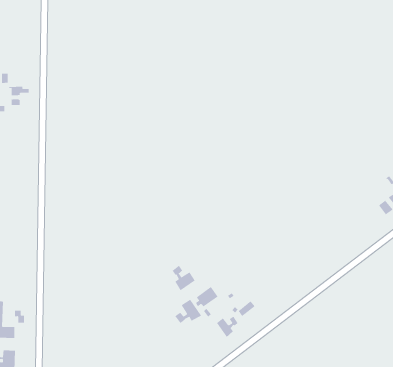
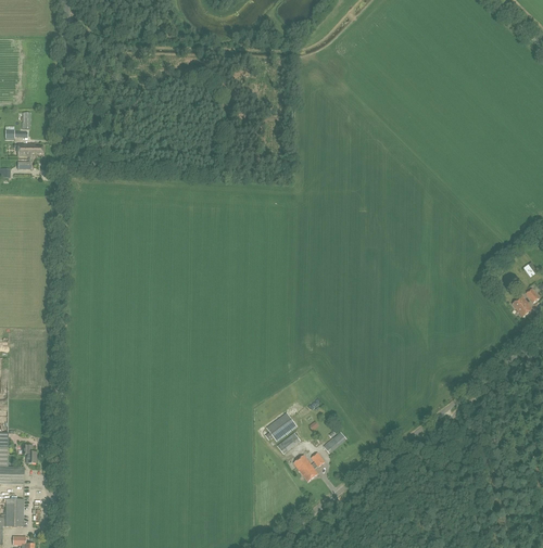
building: [172,265,195,291] -> none
building: [175,299,202,324] -> none

